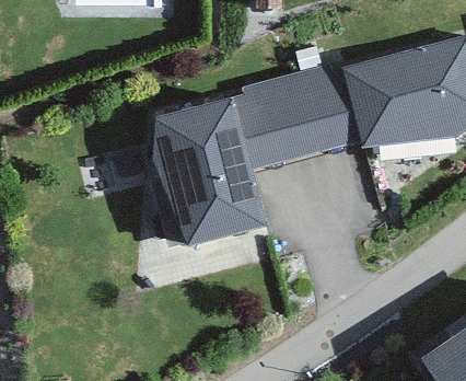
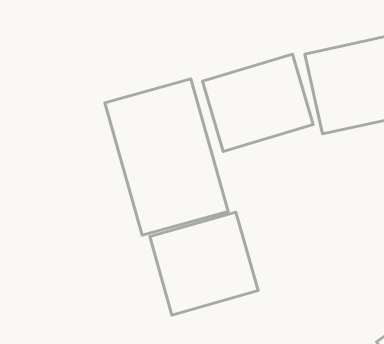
building: none -> [150,212,258,315]

